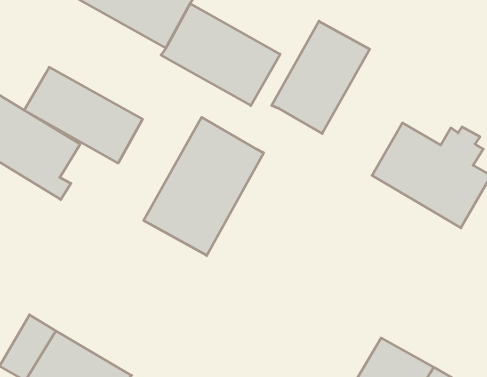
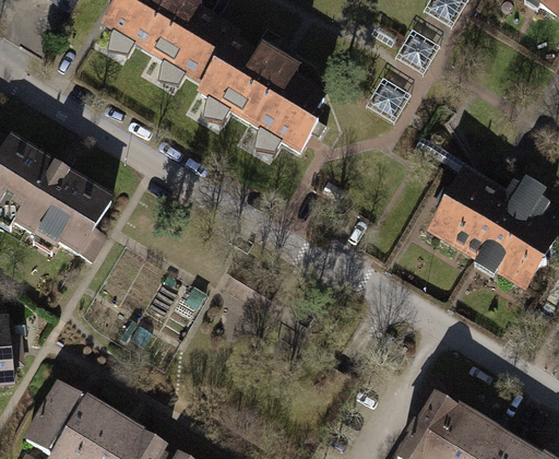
building: [272,21,370,134] -> none
building: [24,67,142,163] -> none
building: [144,117,264,256] -> none

